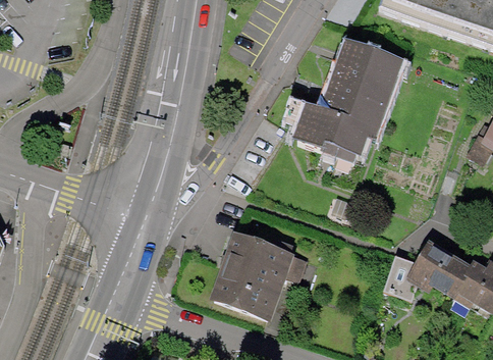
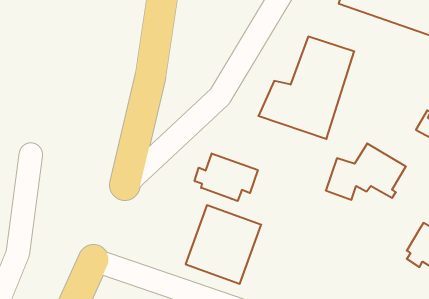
building: none -> [195,153,258,201]
building: [383,237,472,299] -> [326,143,406,200]

